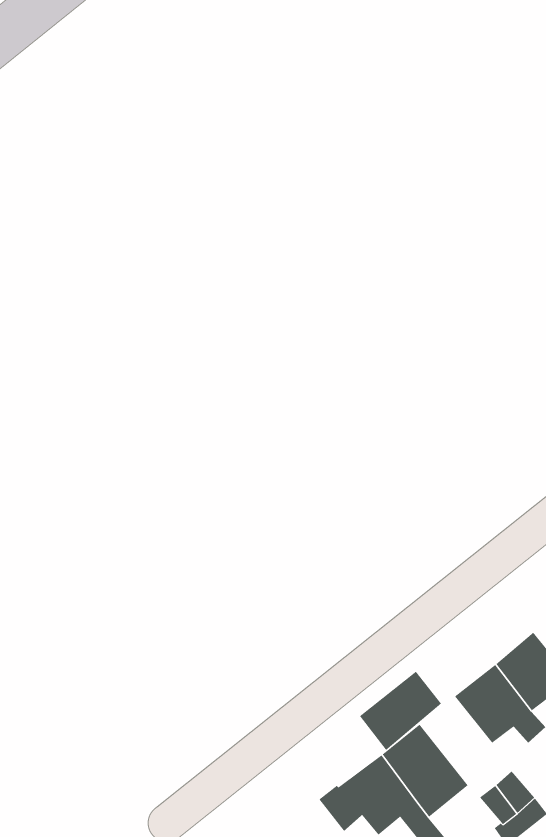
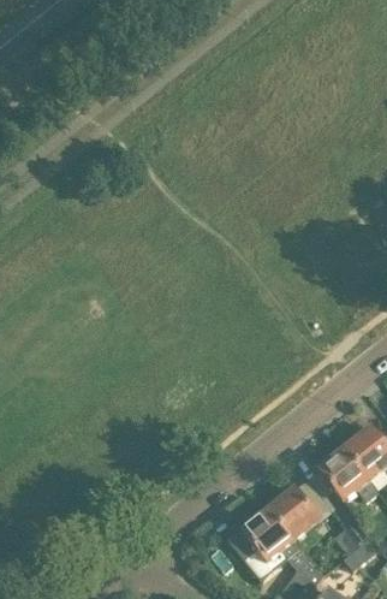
building: [359,671,442,751] -> none

